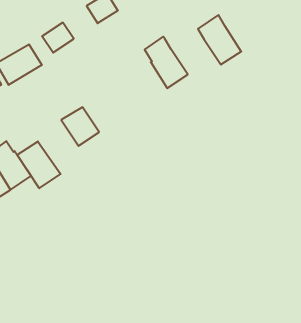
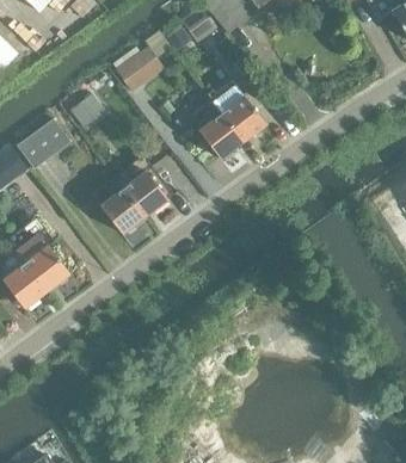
building: [198,15,241,64] -> [214,84,266,141]
building: none -> [124,171,168,216]
building: [17,141,61,188] -> none

